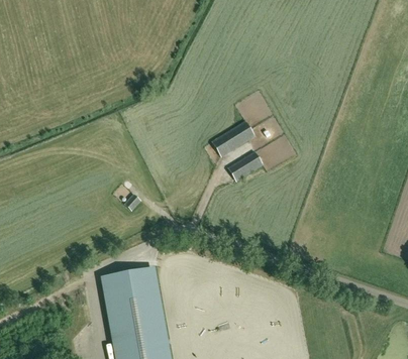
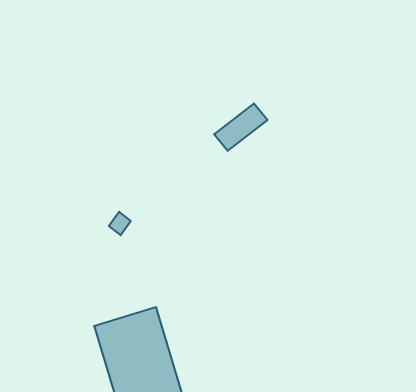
building: [228,151,263,180] -> none

